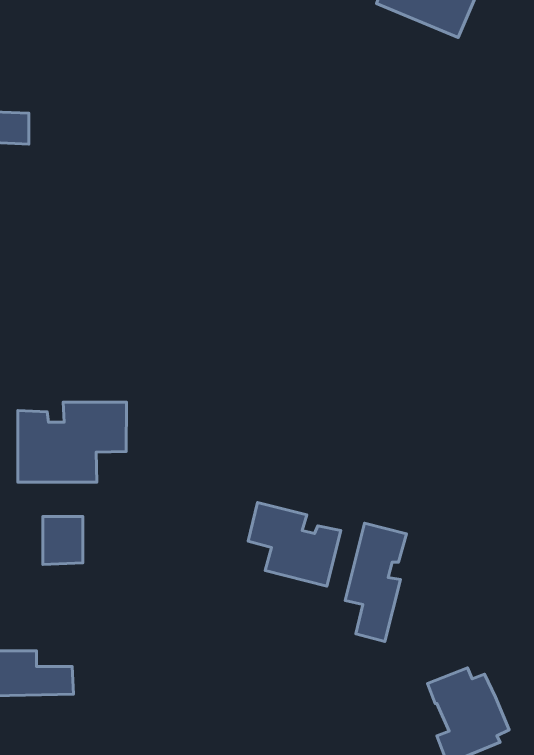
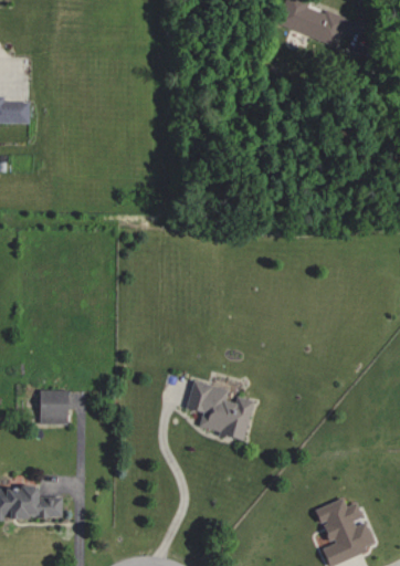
building: [18,402,127,482] -> none
building: [345,523,407,641] -> none

